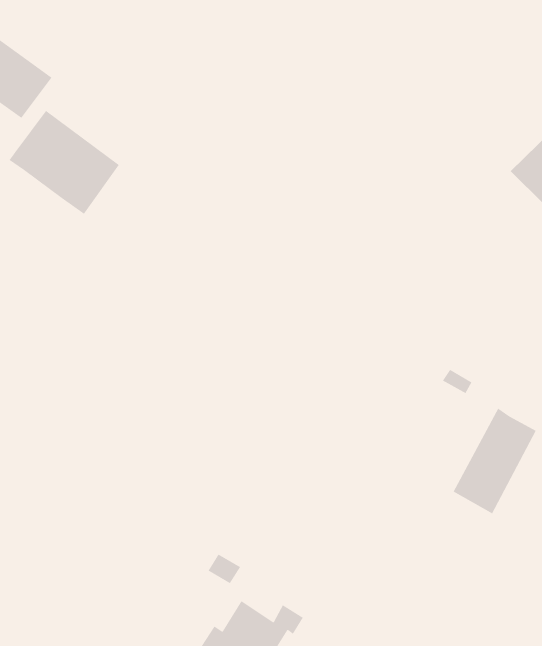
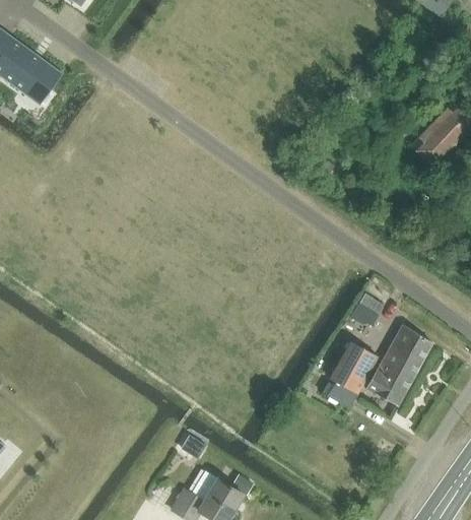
building: [9,110,120,215] -> none
building: none -> [321,341,377,409]

